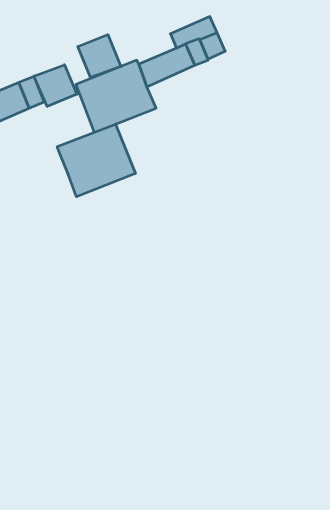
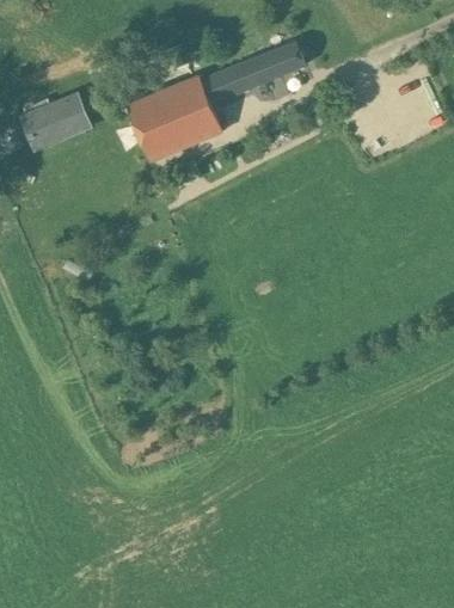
building: [78,35,121,77] -> none
building: [34,65,77,106] -> none
building: [57,124,135,197] -> none

